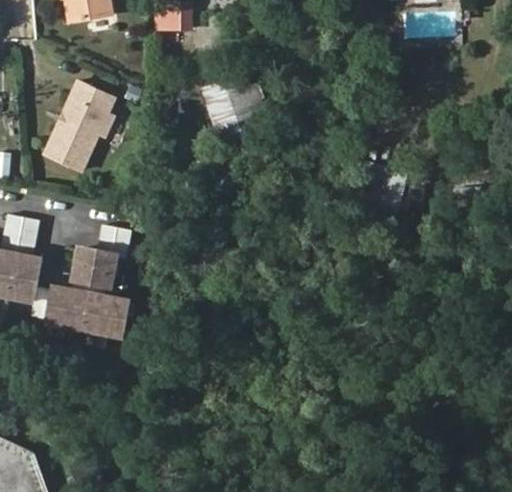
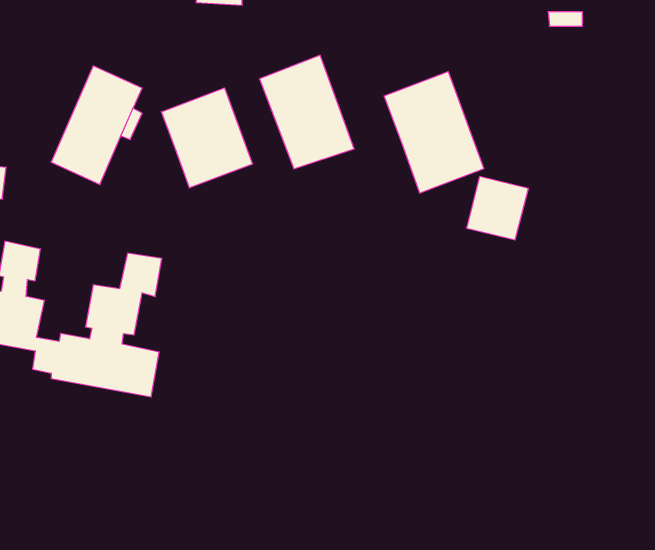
building: none -> [384,72,484,193]
building: none -> [161,88,252,188]

